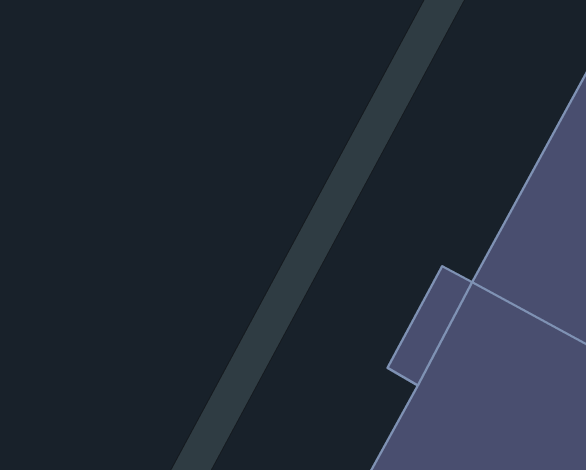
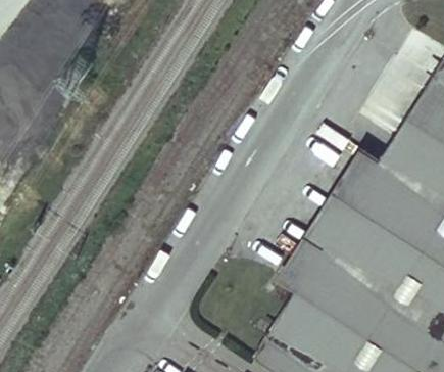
building: none -> [318,151,379,228]

